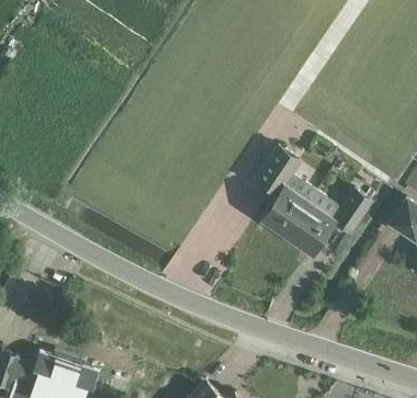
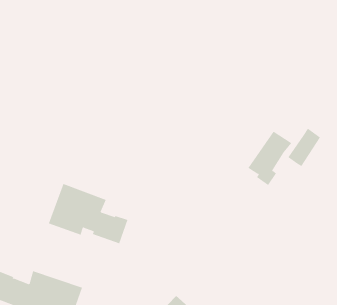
building: [257,148,317,235] -> none
building: none -> [48,183,128,244]

